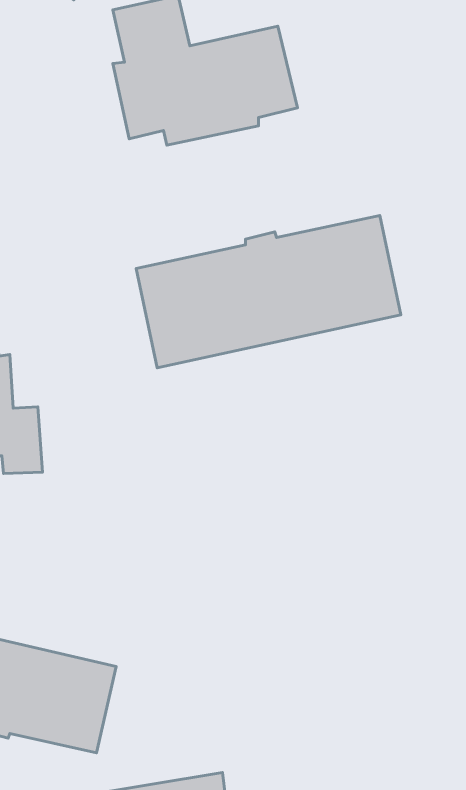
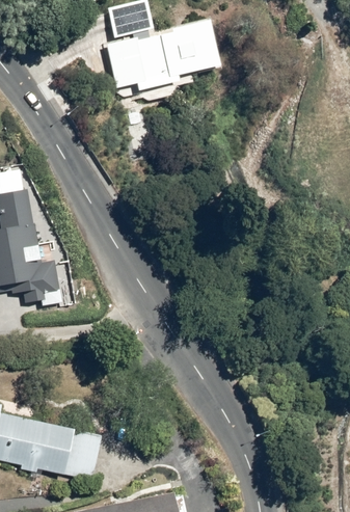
building: [136,216,401,368] -> none

